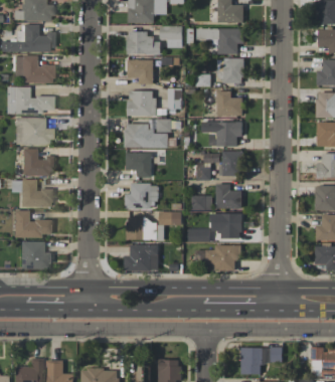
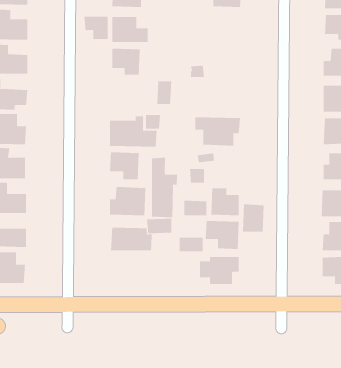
building: [160,26,182,47] -> [84,16,108,40]
building: [197,28,244,54] -> none
building: [219,58,244,81] -> none
building: [128,90,156,117] -> none
building: [217,90,243,116] -> none
building: [222,151,242,176] -> [242,204,265,232]
building: none -> [151,157,177,218]
building: [124,244,159,271] -> none

